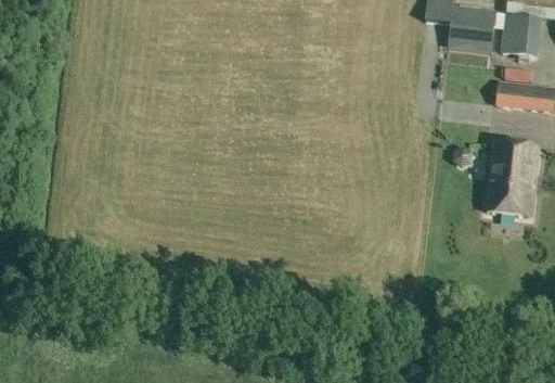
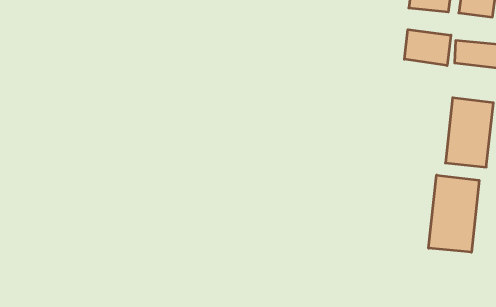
building: none -> [404,30,451,66]
building: none -> [429,175,479,252]

